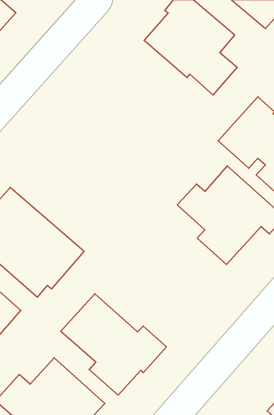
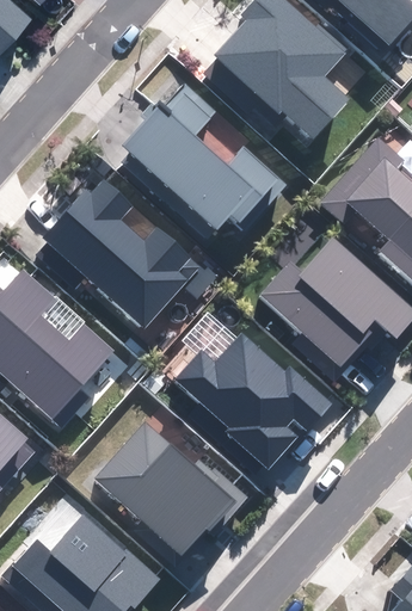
building: none -> [121,81,284,237]
building: none -> [44,180,215,326]
building: none -> [176,337,332,468]

